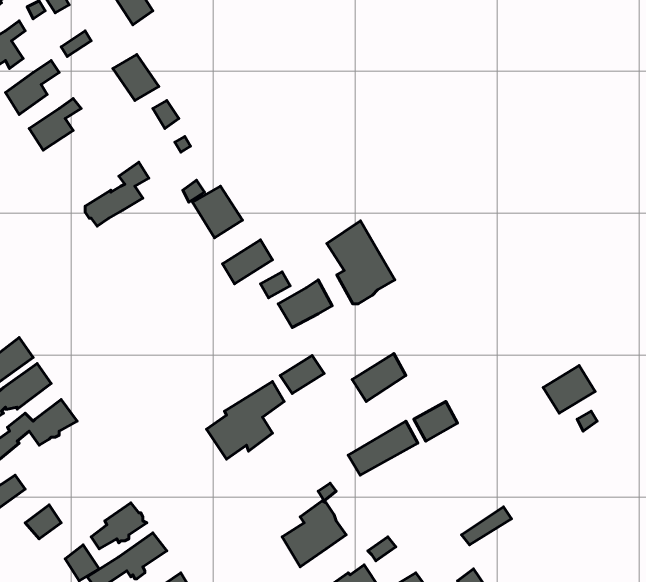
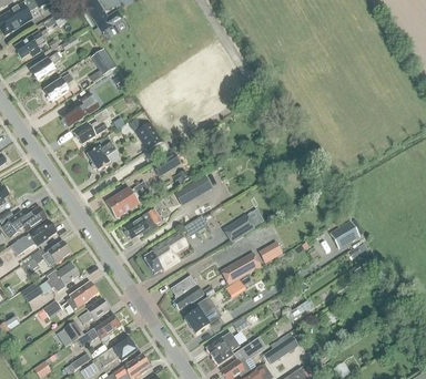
building: none -> [61,92,100,124]
building: none -> [88,135,116,168]
building: [327,221,395,304] -> none
building: none -> [106,180,151,216]
building: none -> [124,207,161,237]
building: none -> [47,262,79,290]
building: none -> [171,274,203,308]
building: none -> [67,280,98,311]

